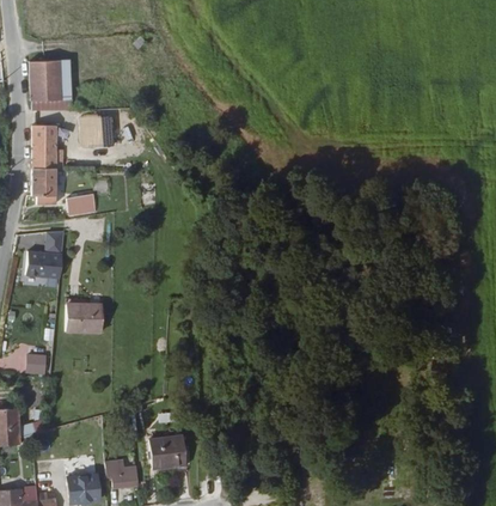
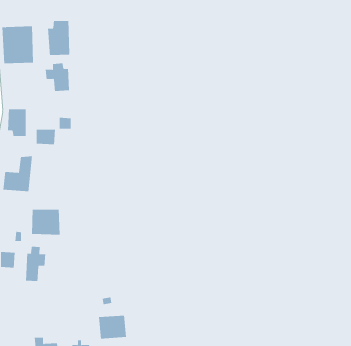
building: none -> [48,20,70,56]
building: [32,126,65,169] -> none
building: none -> [26,246,46,282]

